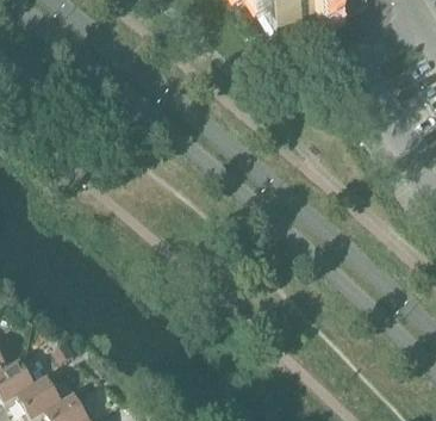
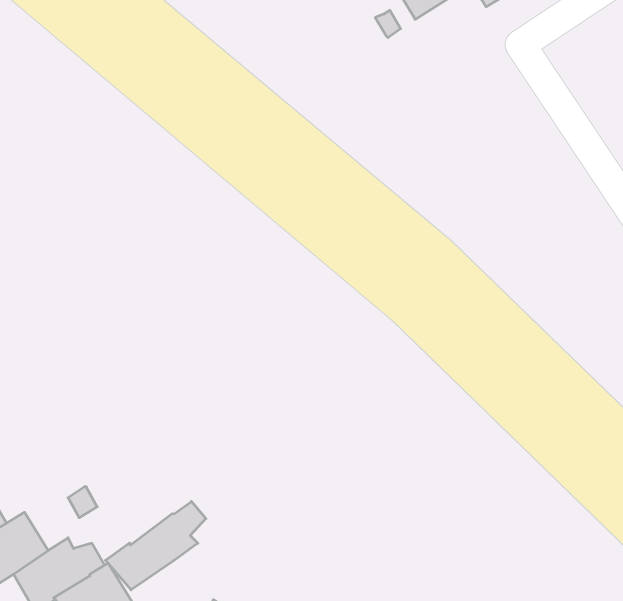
building: none -> [105,501,206,590]

